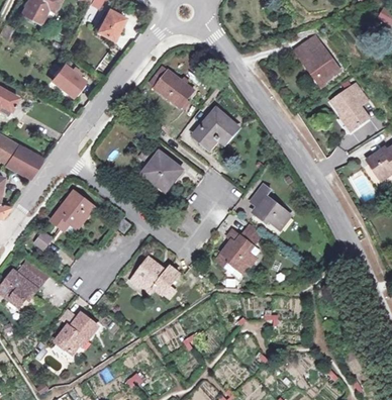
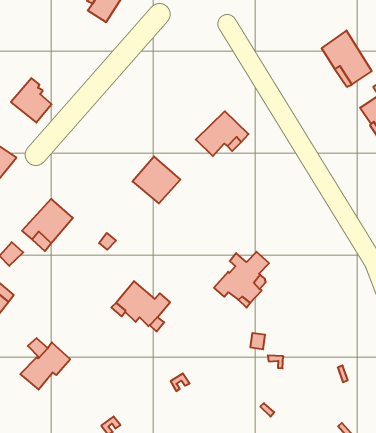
building: [51,60,85,97] -> [11,78,52,123]
building: [154,70,194,107] -> none
building: [250,185,290,229] -> none

